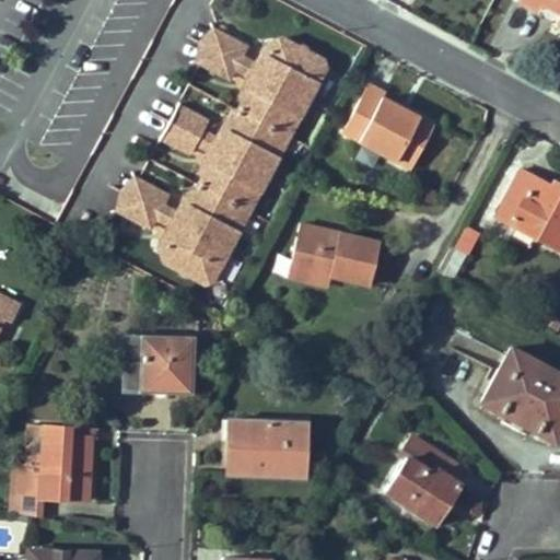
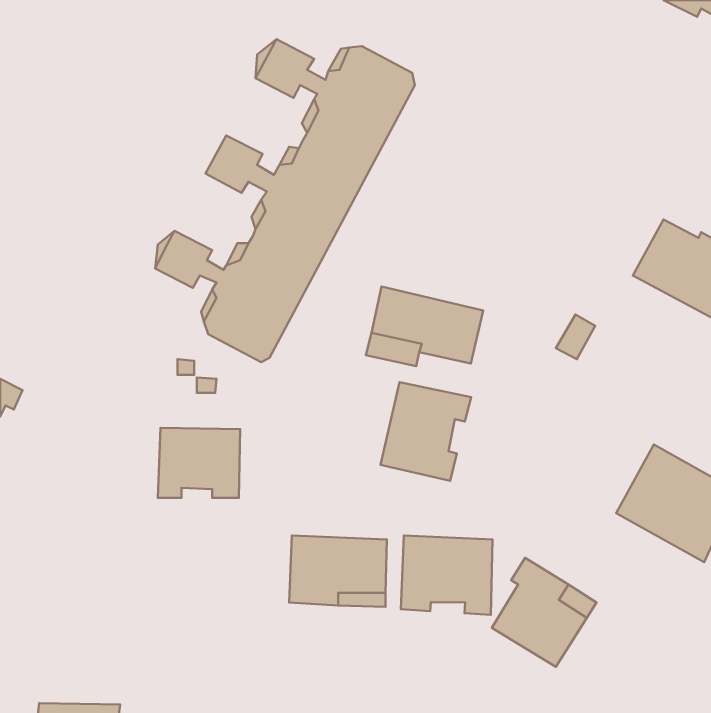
building: [345,85,435,171] -> none
building: none -> [380,382,471,481]
building: none -> [401,536,493,615]
building: [16,425,93,516] -> none

